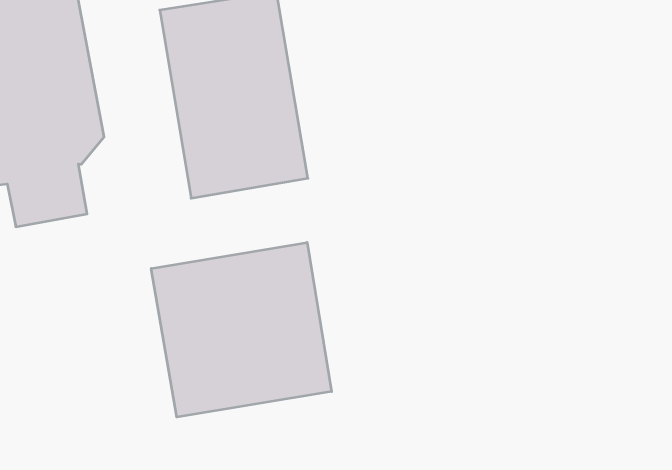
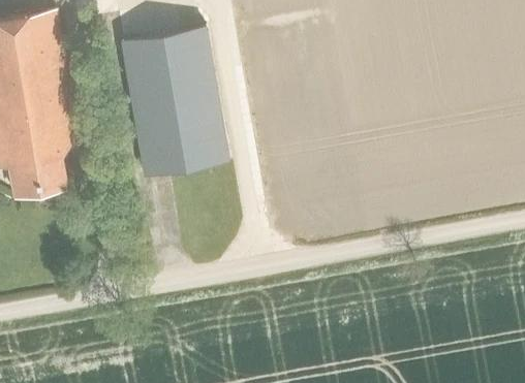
building: [151,242,332,417] -> none

